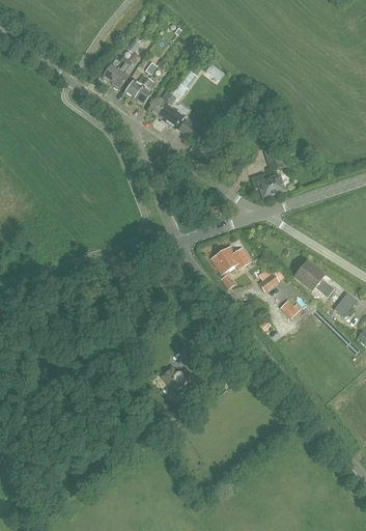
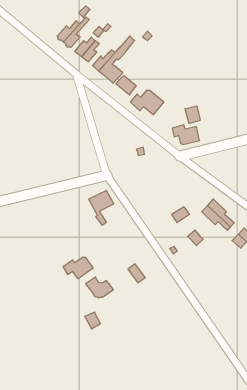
building: none -> [131,90,164,115]
building: [209,245,241,287] -> [89,190,114,225]
building: none -> [63,257,93,279]

